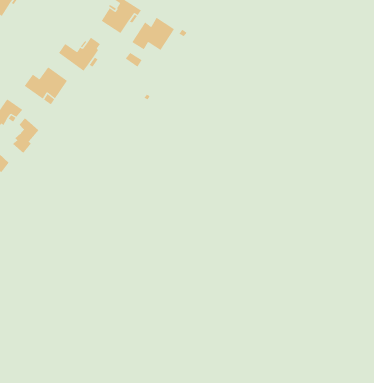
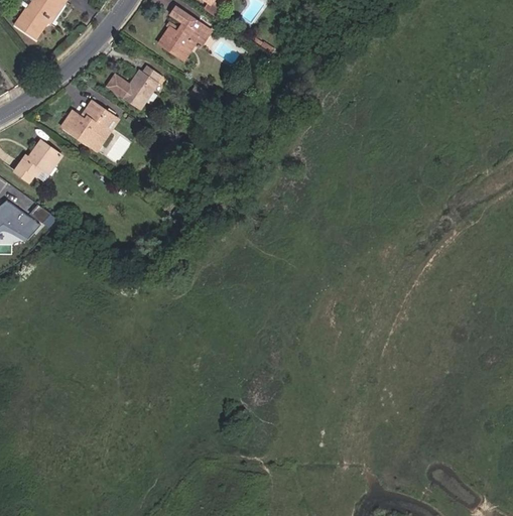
building: [132,17,175,51] -> none
building: [12,117,39,154] -> none

